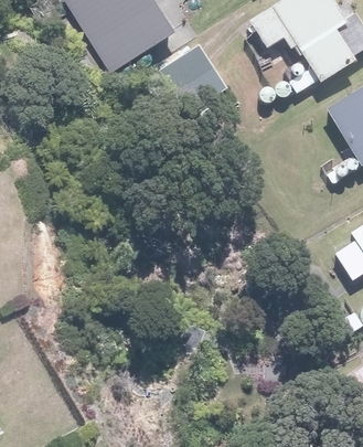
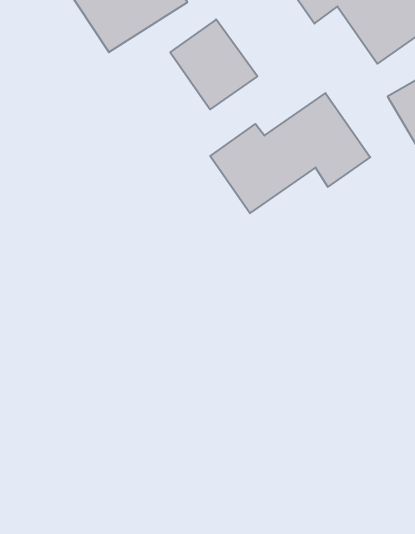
building: none -> [210,93,370,213]

